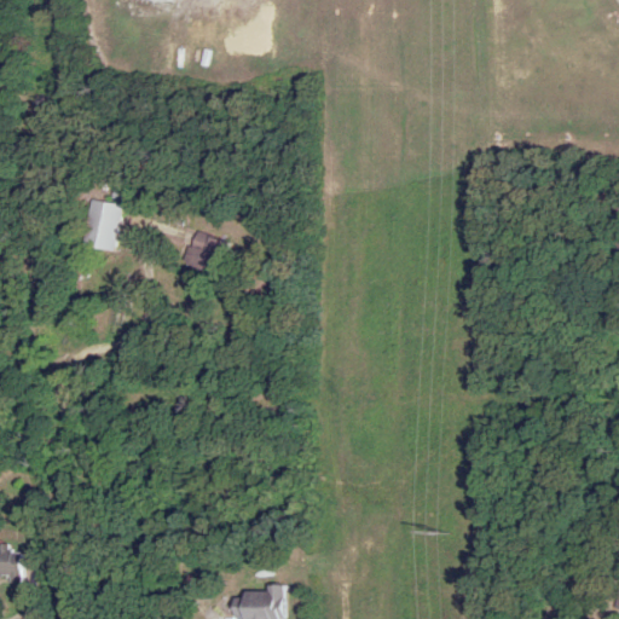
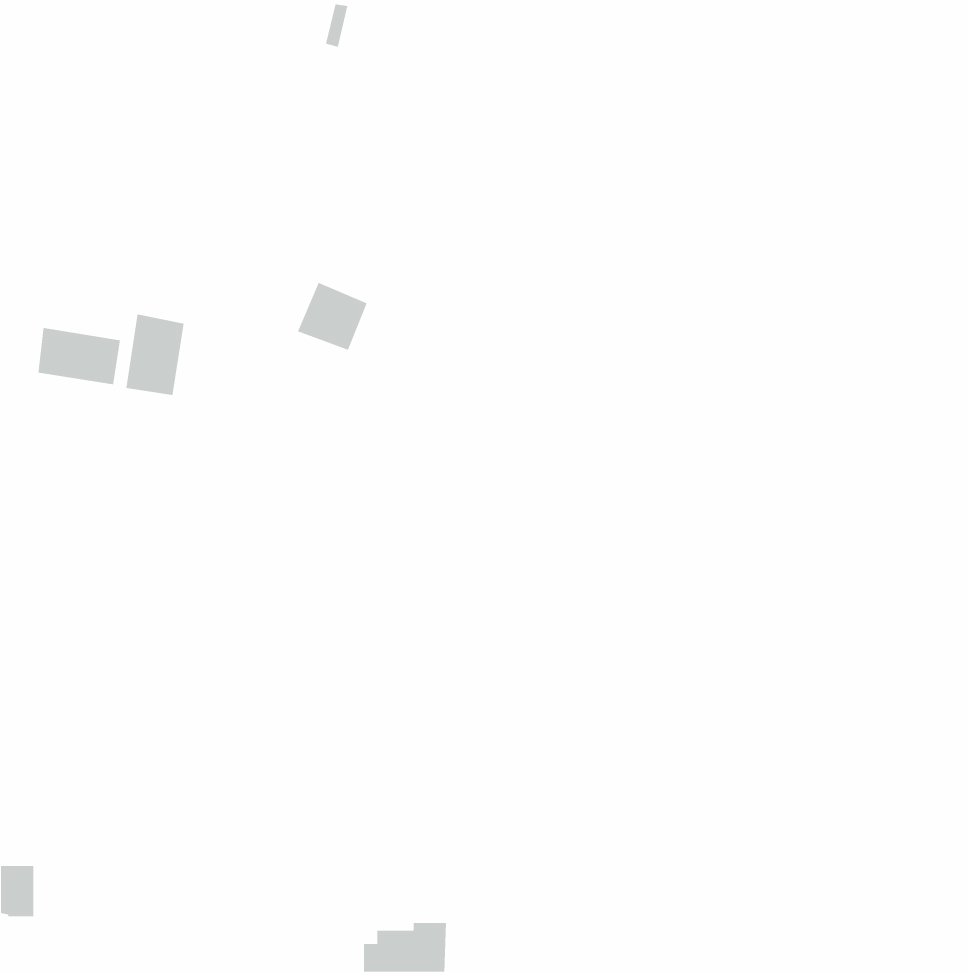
building: none -> [38,327,121,385]
building: [181,231,226,274] -> [297,282,368,351]

